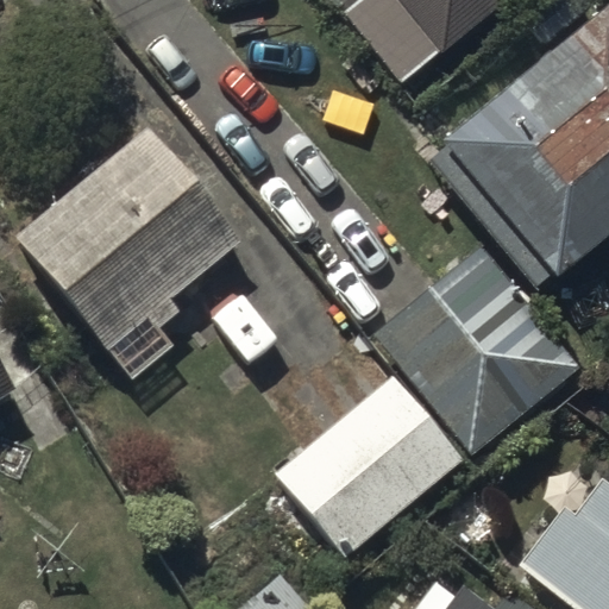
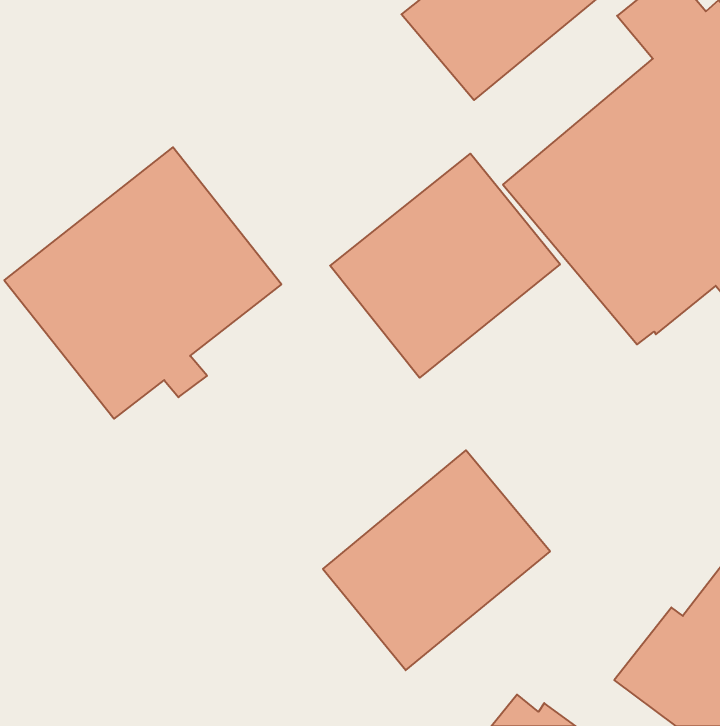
building: none -> [330,154,560,378]
building: [375,245,582,454] -> none

